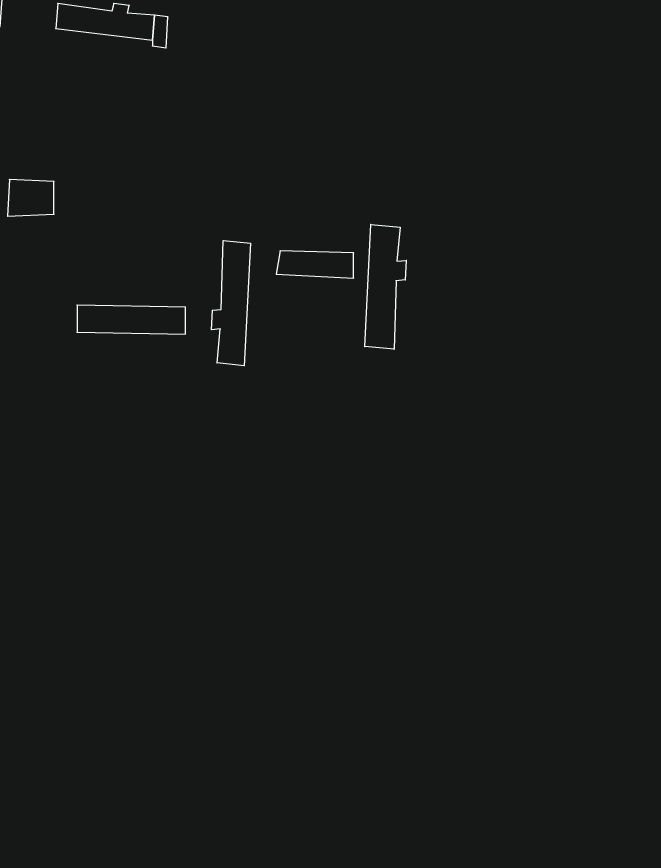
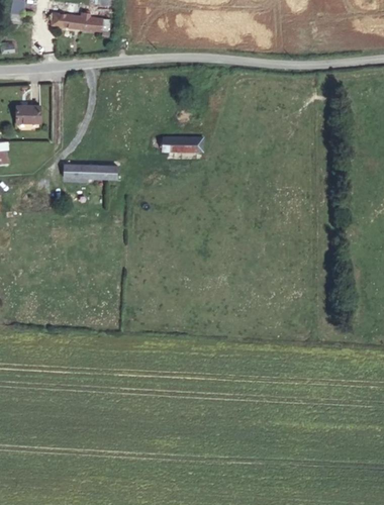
building: [365,224,406,349] -> none
building: [212,241,250,366] -> none

